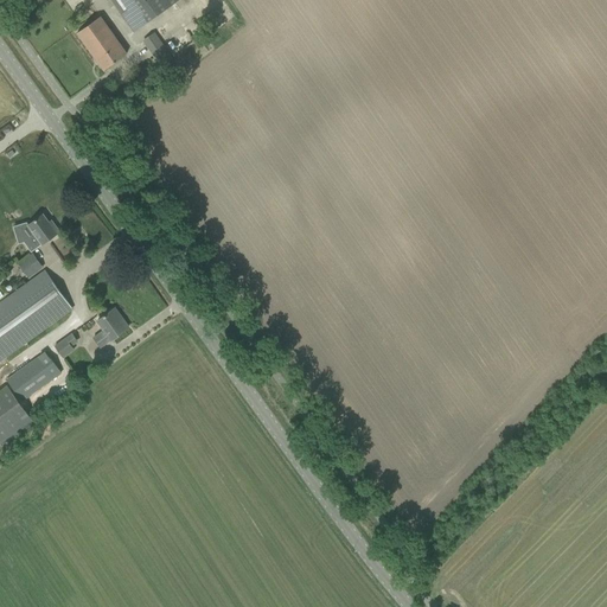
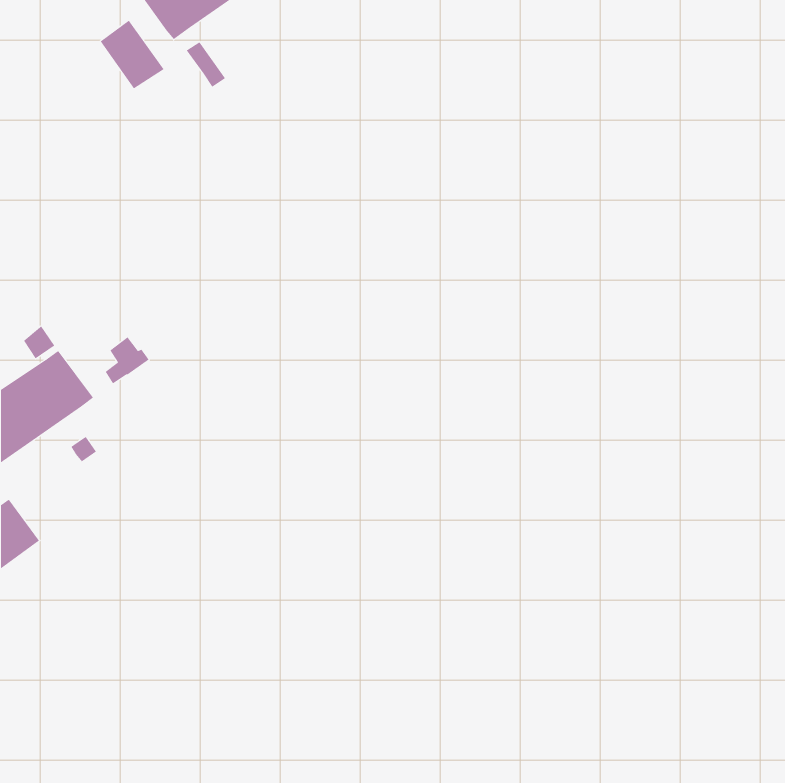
building: [17,213,59,250] -> none
building: [94,309,128,346] -> [105,337,149,384]
building: [7,351,60,400] -> none

